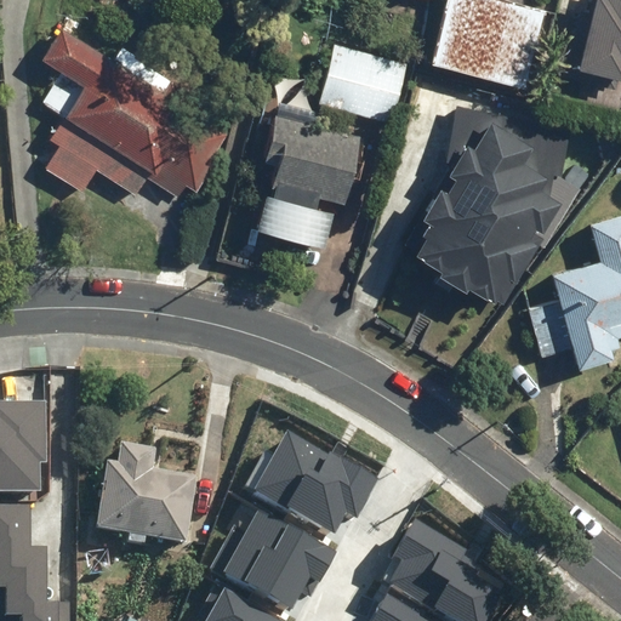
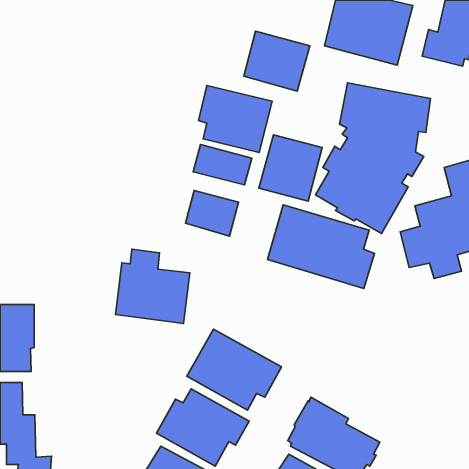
building: [40,25,232,195] -> none
building: none -> [259,135,322,201]
building: none -> [186,190,239,236]
building: none -> [267,205,375,288]
building: [89,446,187,545] -> [115,249,190,324]

